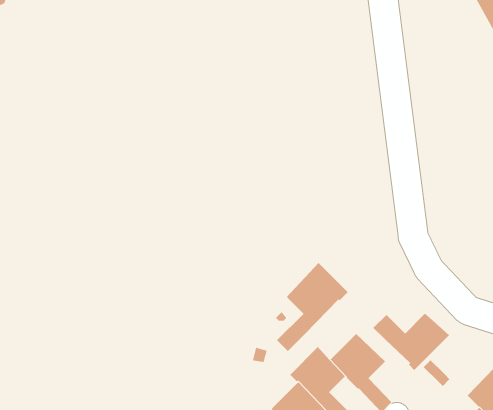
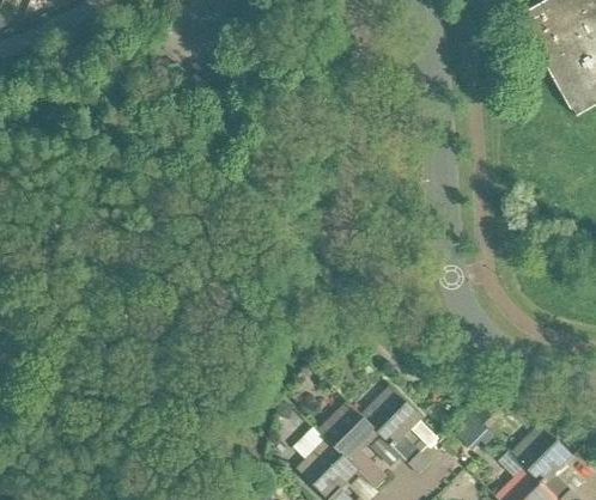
building: [276,262,348,352] -> none
building: [373,312,450,371] -> none

